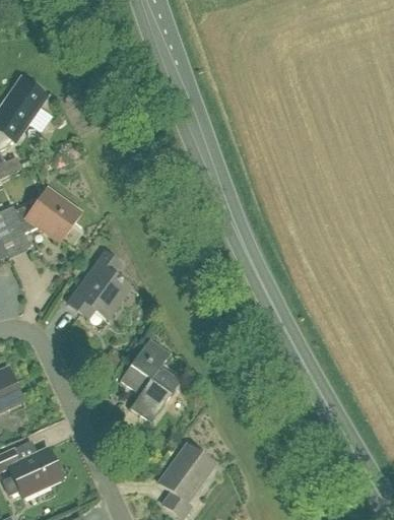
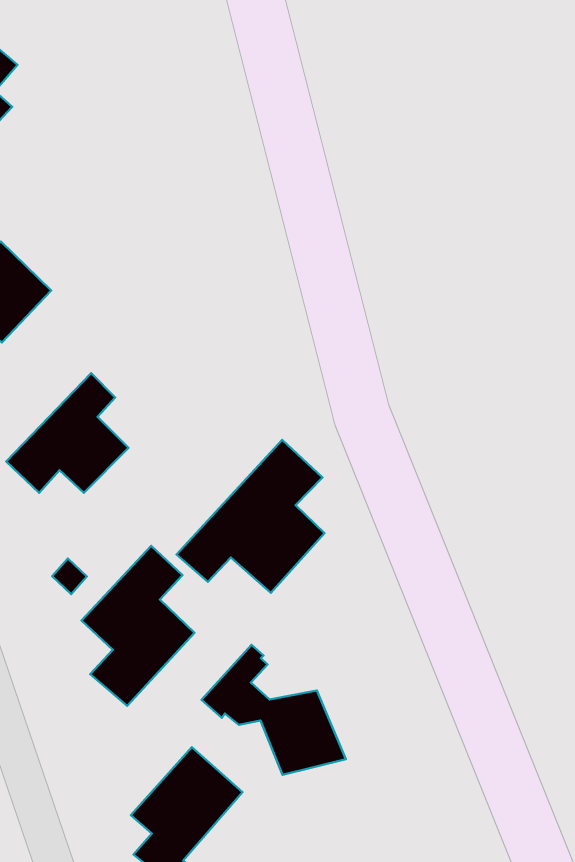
building: none -> [176,440,324,593]
building: none -> [201,645,346,775]

